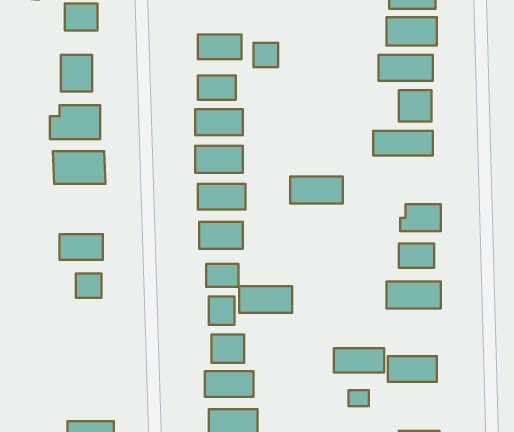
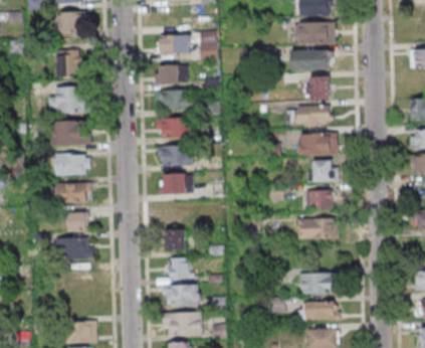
building: [290,176,343,204] -> [298,134,338,154]
building: none -> [55,153,89,174]
building: [239,286,292,313] -> none
building: none -> [56,237,92,258]
building: [334,348,384,372] -> [300,302,338,320]

